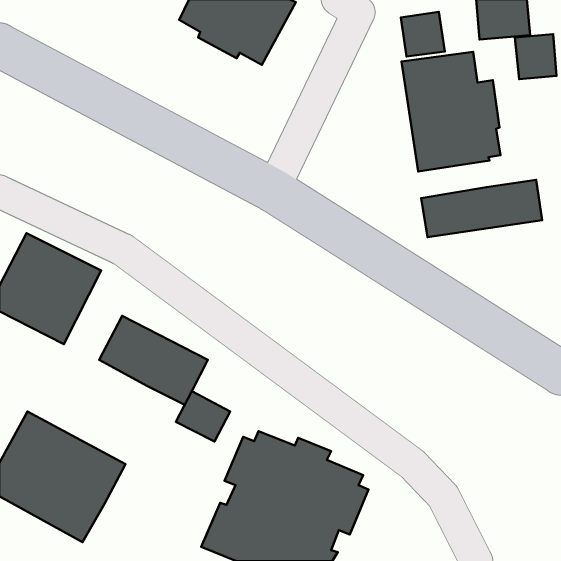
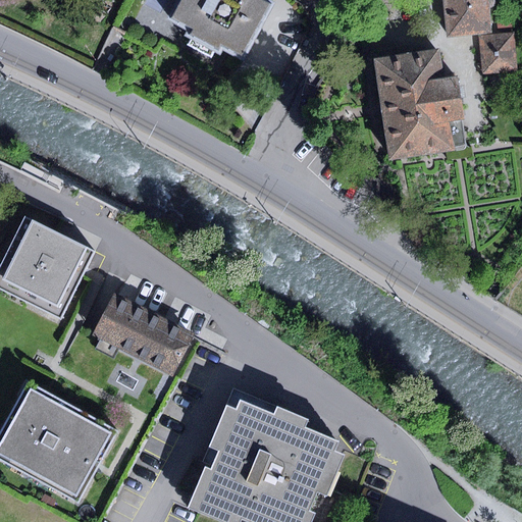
building: [401,12,445,57] -> none
building: [421,180,542,237] -> none
building: [176,391,230,442] -> none

